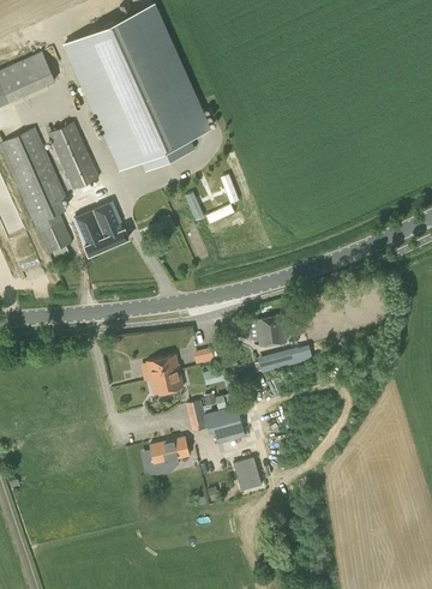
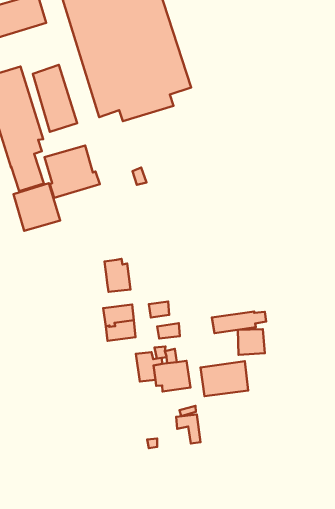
building: none -> [13,183,60,231]
building: none -> [105,259,131,292]
building: [257,317,287,345] -> [238,329,265,355]
building: none -> [200,361,248,396]
building: [149,438,190,476] -> none

